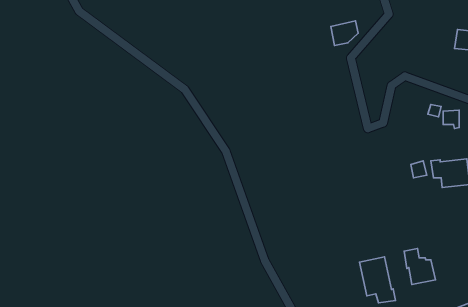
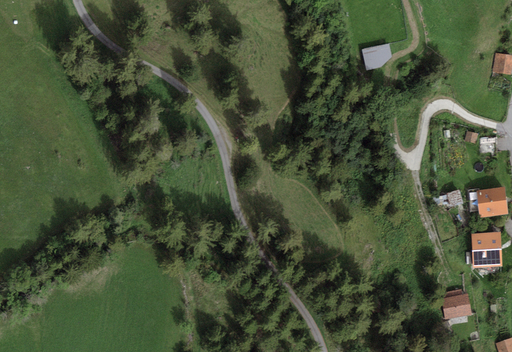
building: none -> [472,233,502,268]
building: [359,257,396,303] -> none

